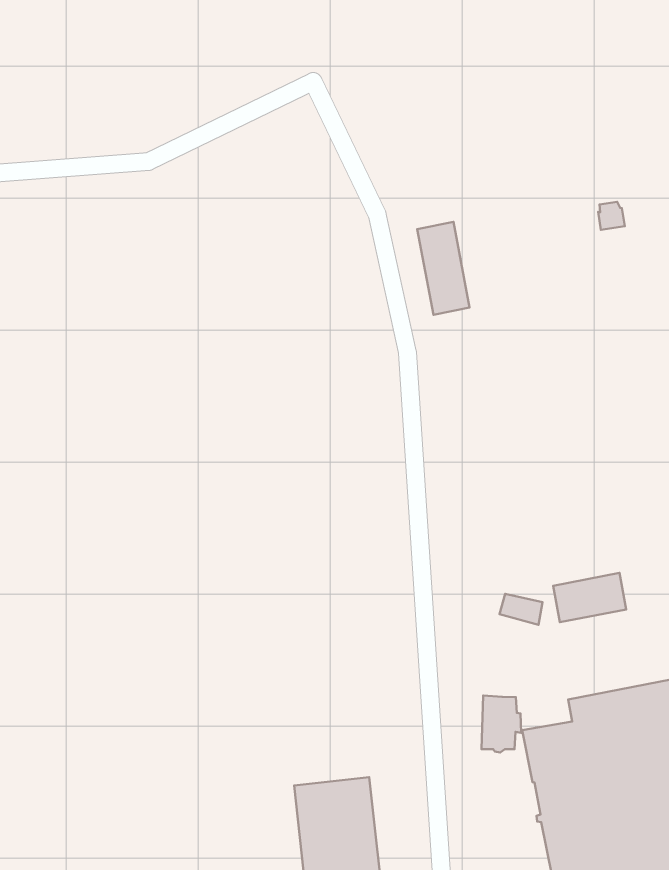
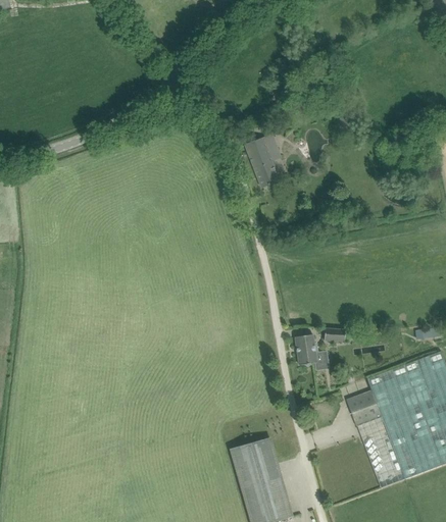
building: [553,573,626,622] -> none
building: [482,695,521,752] -> [295,334,318,365]

